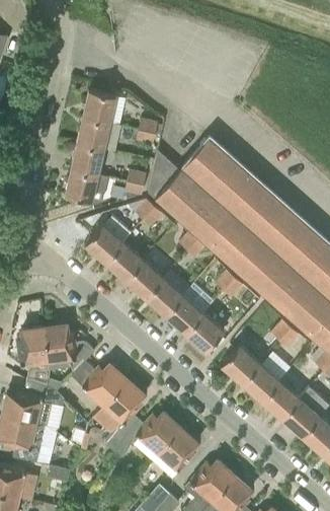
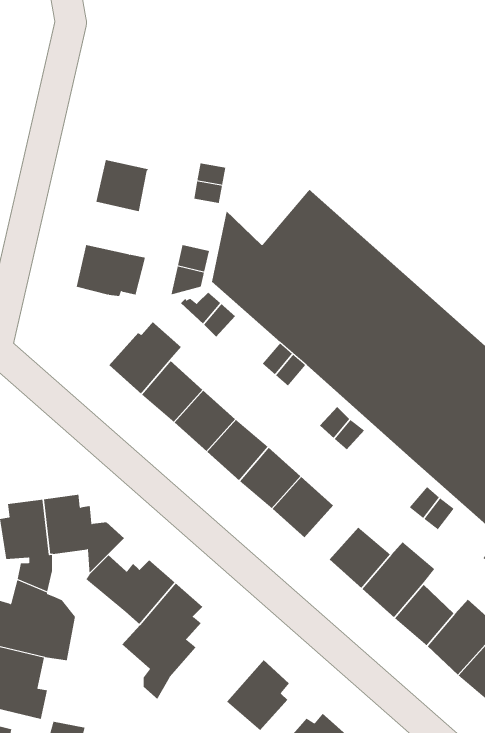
building: [82,90,122,126] -> none
building: [70,143,103,175] -> none
building: [114,413,180,456] -> none

